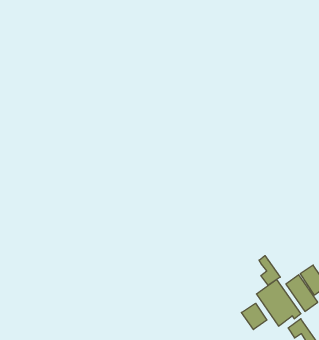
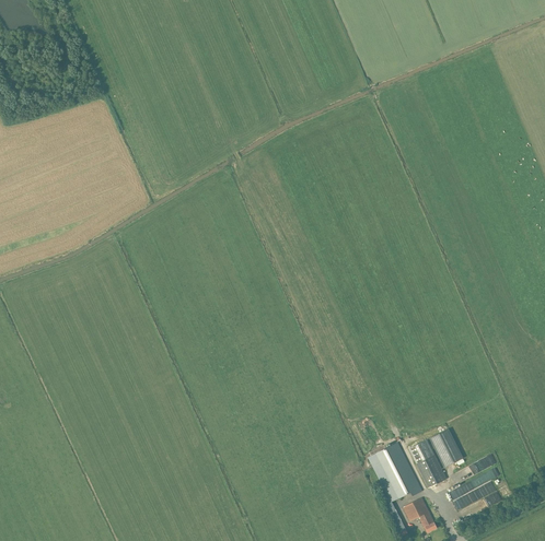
building: [259,256,280,285] -> none
building: [241,303,267,330] -> none

